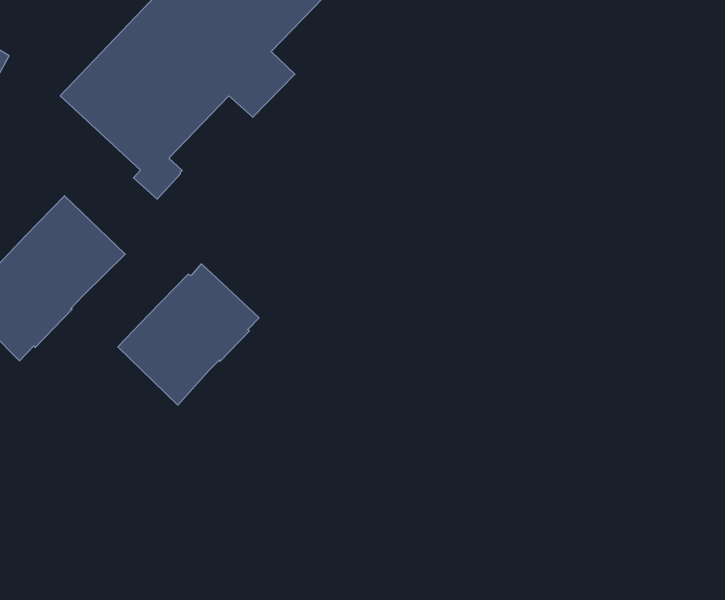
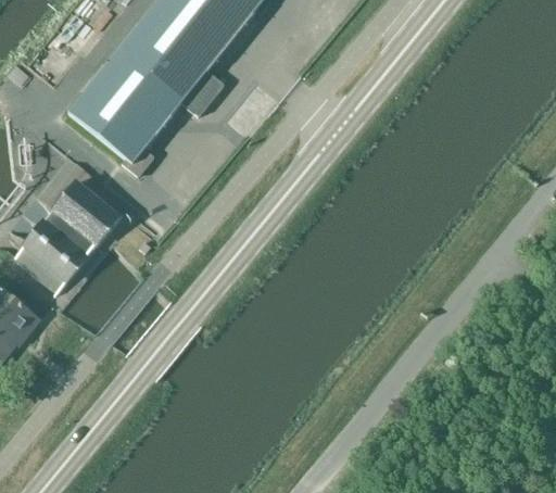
building: [118,264,259,405] -> none

